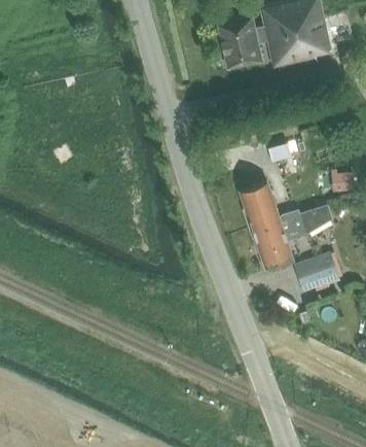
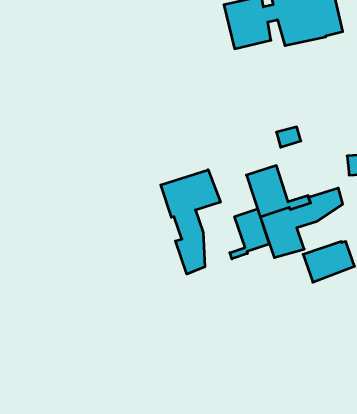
building: none -> [161,170,220,274]
building: none -> [230,209,269,259]

